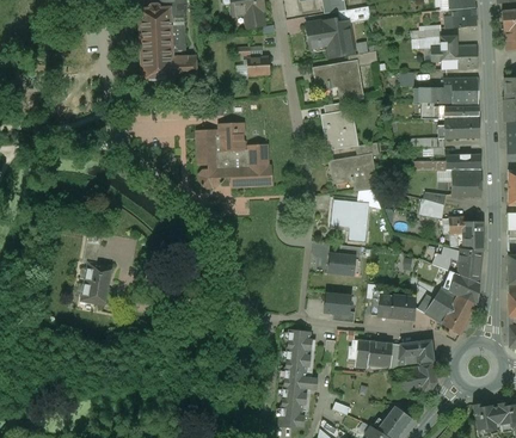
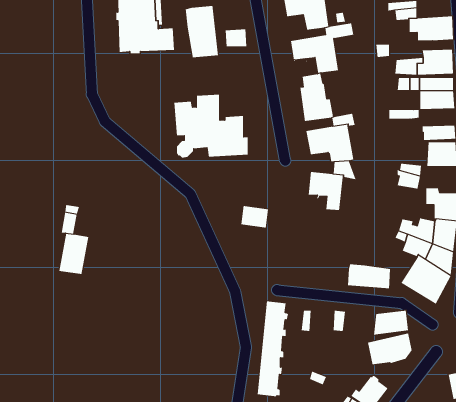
building: none -> [185,5,218,58]
building: [327,248,356,271] -> [240,206,269,228]
building: [324,289,352,311] -> none
building: [368,341,393,366] -> none

